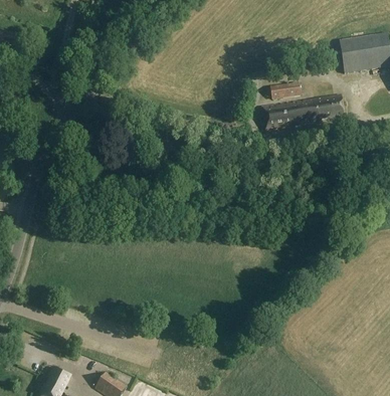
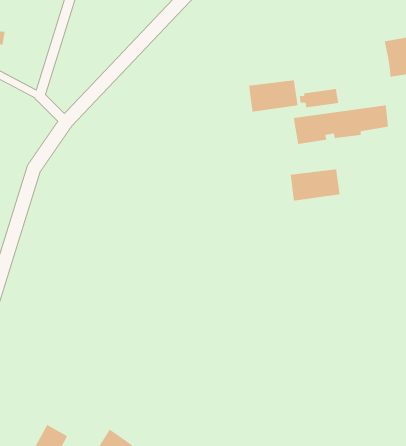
building: none -> [248,80,298,113]
building: none -> [290,169,341,202]

